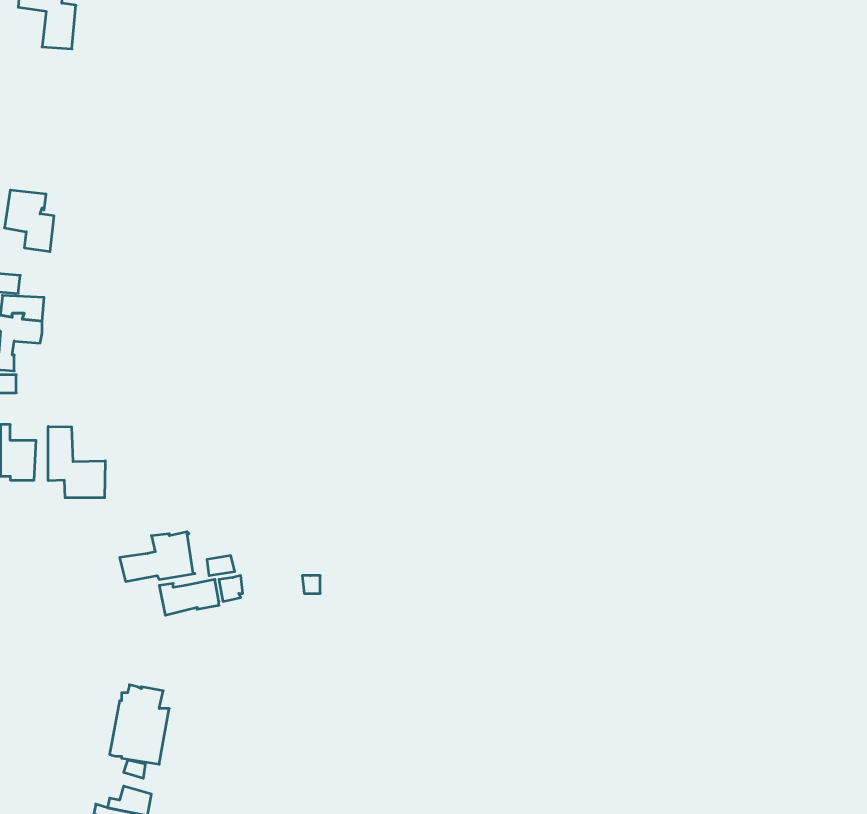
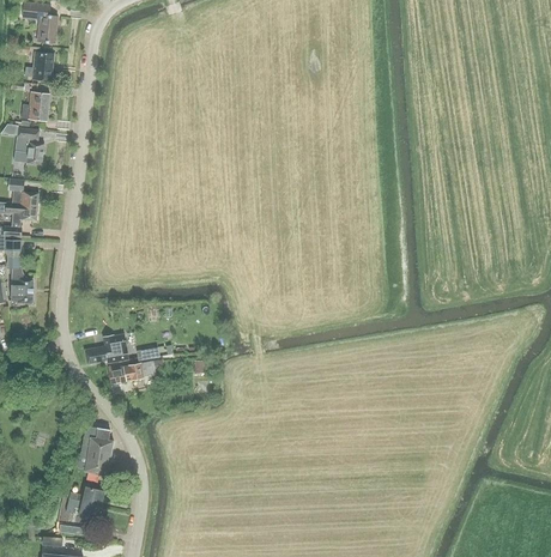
building: none -> [31,50,53,80]
building: none -> [20,91,48,120]
building: [48,426,105,498] -> none

